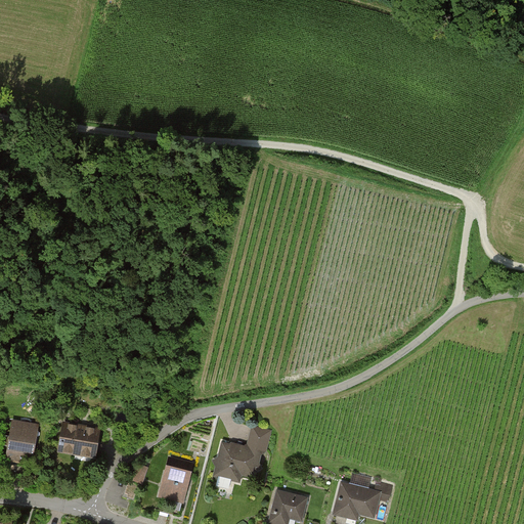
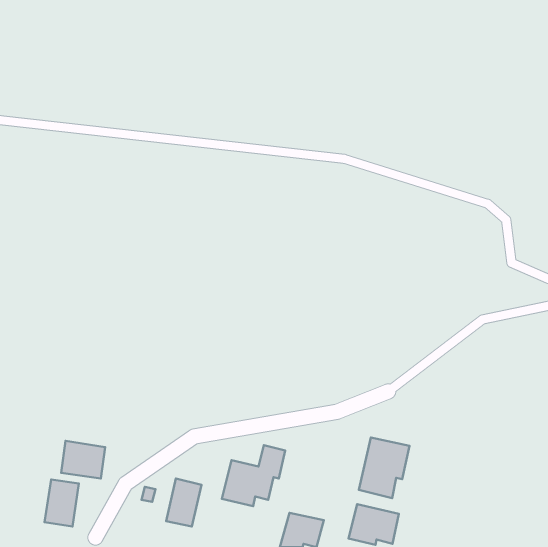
building: none -> [359,438,410,498]
building: [6,419,39,464] -> [45,479,79,527]

